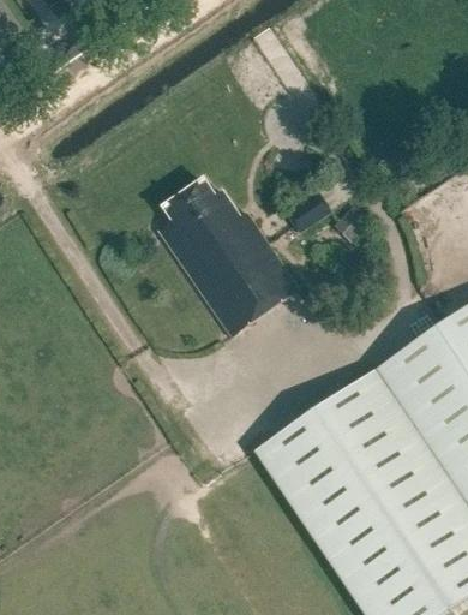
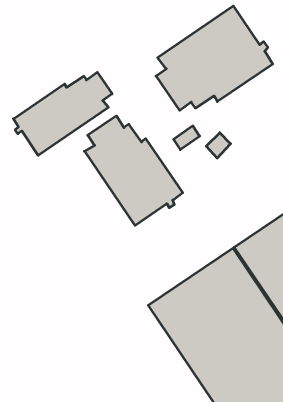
building: none -> [156,6,273,110]
building: none -> [13,72,112,155]

